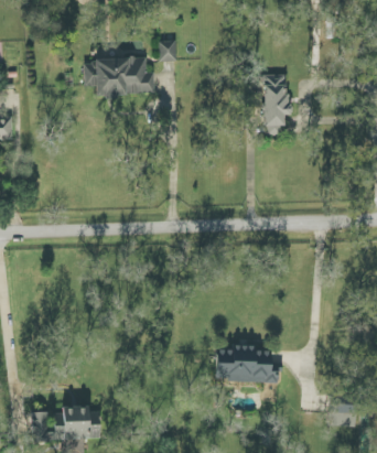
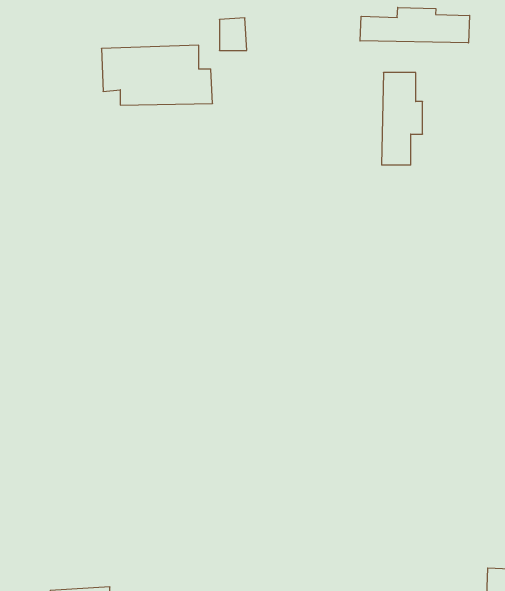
building: none -> [360,7,470,43]
building: [215,347,278,381] -> none

